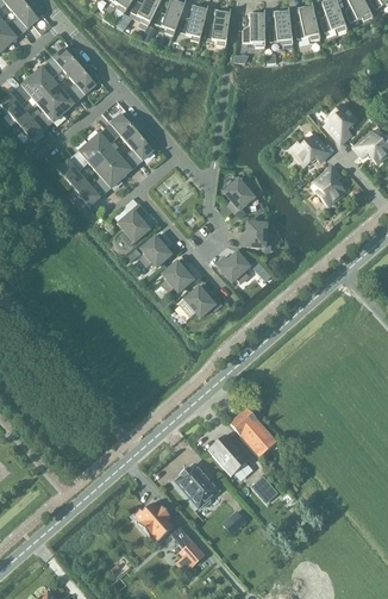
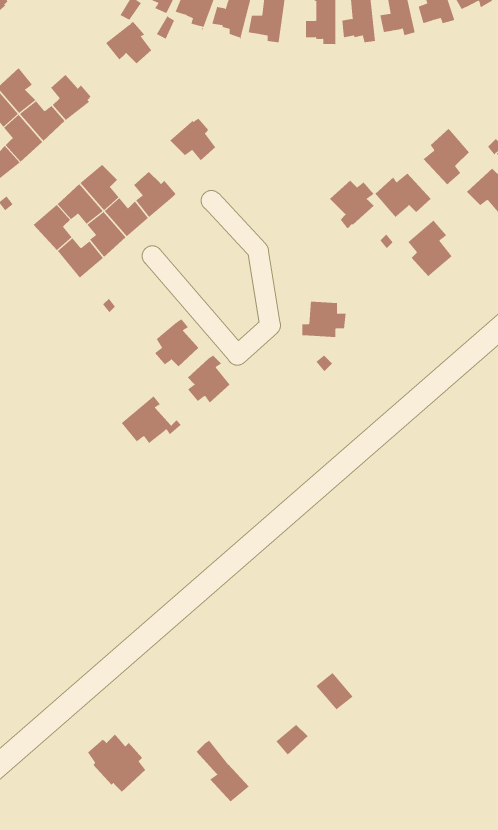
building: [48,45,80,75] -> [105,21,152,64]
building: [105,112,137,142] -> [169,118,216,161]
building: [224,179,255,212] -> [329,180,374,228]
building: [118,202,150,245] -> none
building: [217,251,250,282] -> none
building: [181,283,223,317] -> [121,395,182,444]
building: [231,407,277,455] -> none
building: [208,432,250,475] -> none
building: [176,462,220,507] -> none
building: [134,500,175,541] -> [87,734,146,792]

